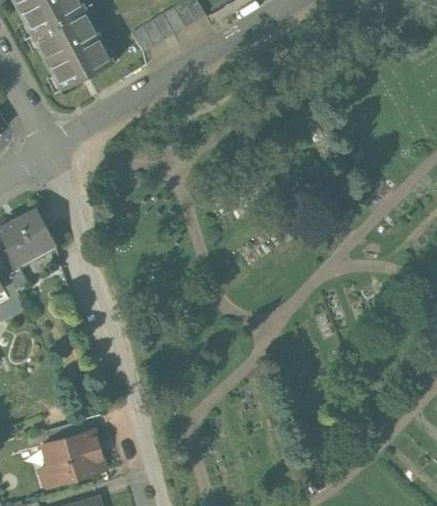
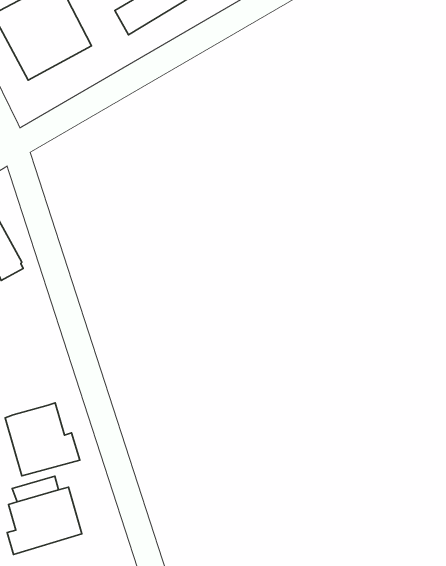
building: none -> [5,403,80,476]

